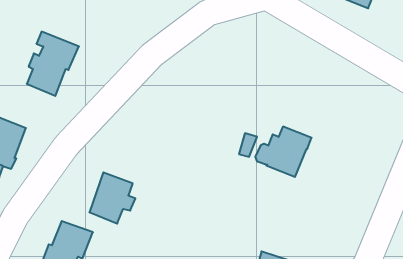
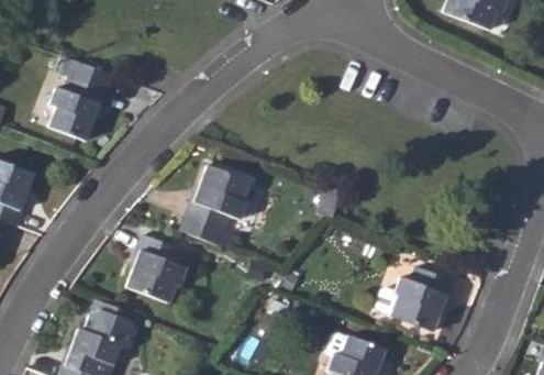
building: none -> [184,168,247,250]
building: [255,127,312,177] -> [381,266,453,330]

